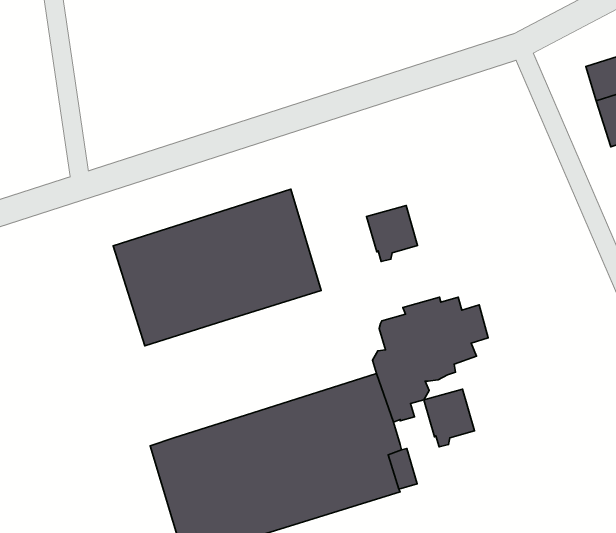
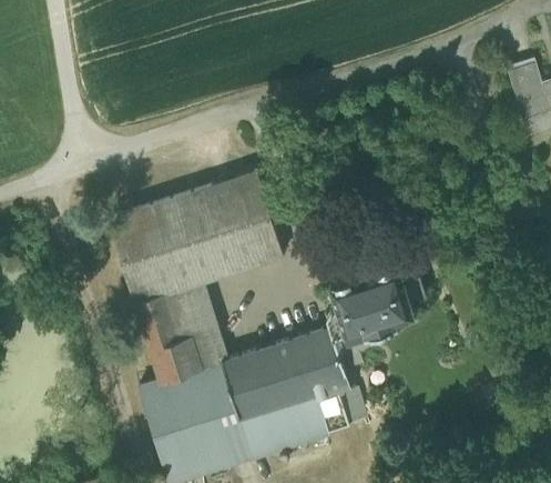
building: [367,206,417,262] -> none
building: none -> [135,282,226,381]
building: [424,389,475,447] -> none

